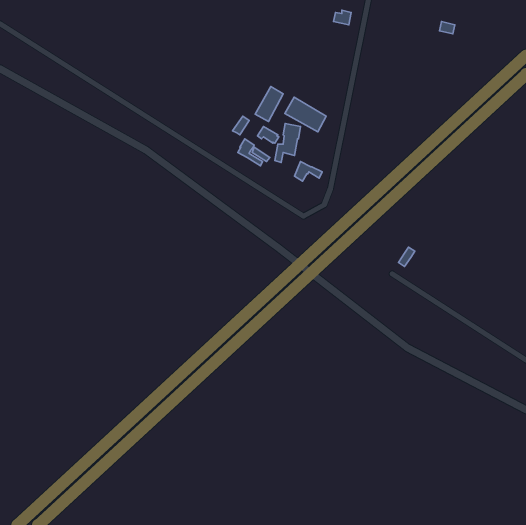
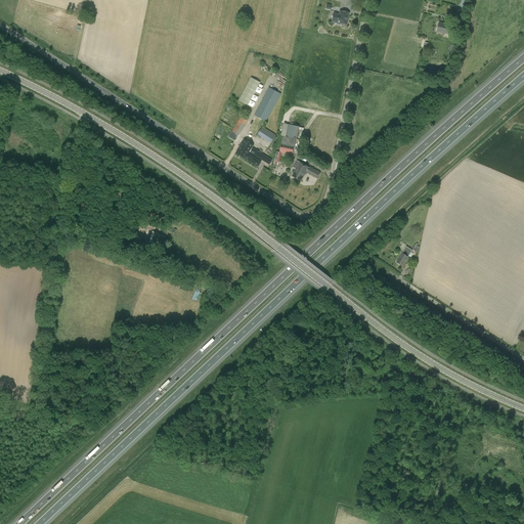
building: [285,97,326,132] -> none

